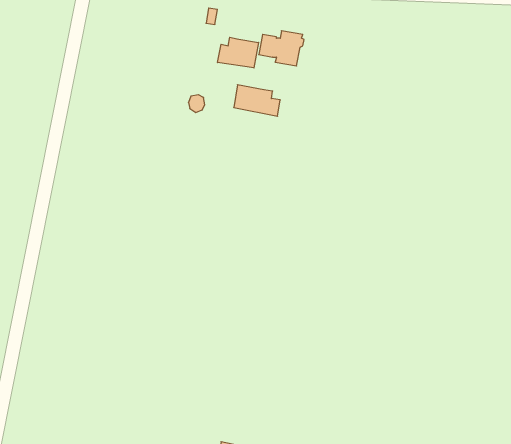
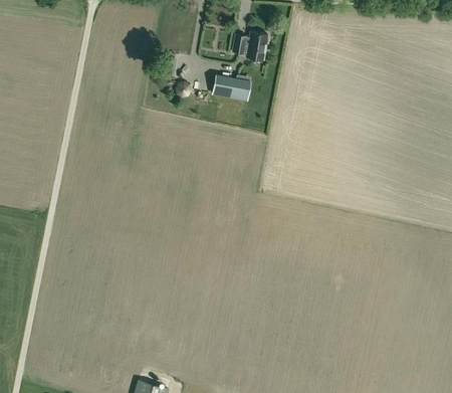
building: [218,37,259,68] -> none

